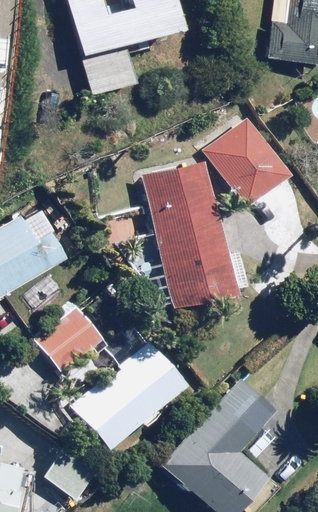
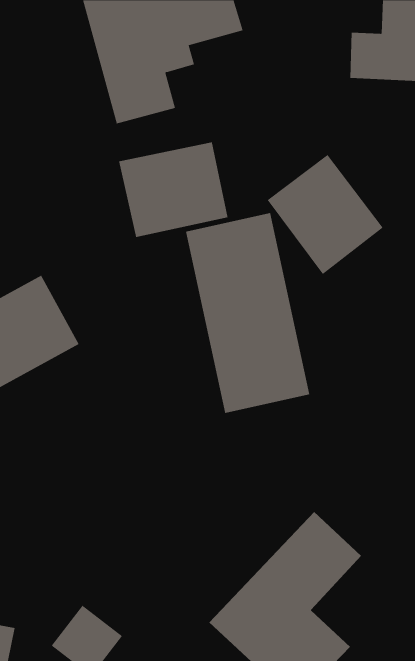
building: none -> [118,142,228,238]
building: [32,305,187,452] -> none

